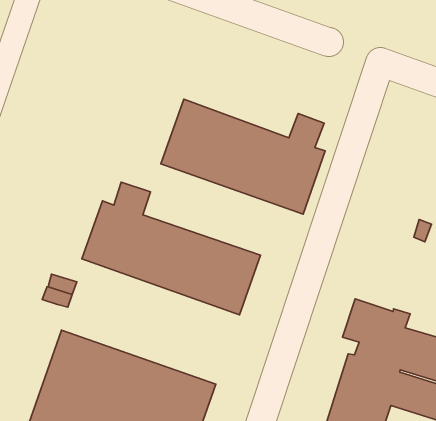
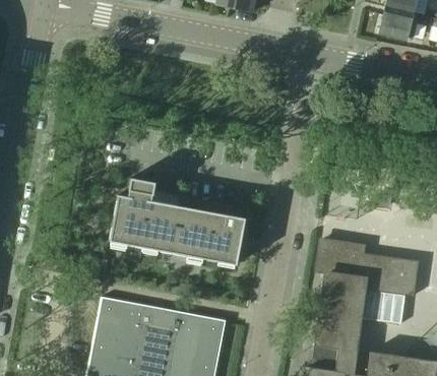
building: [161,99,325,214] -> none

